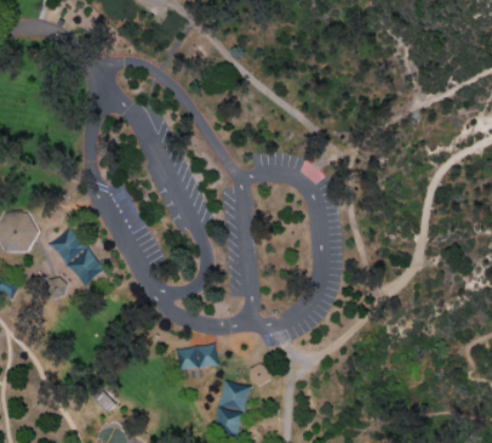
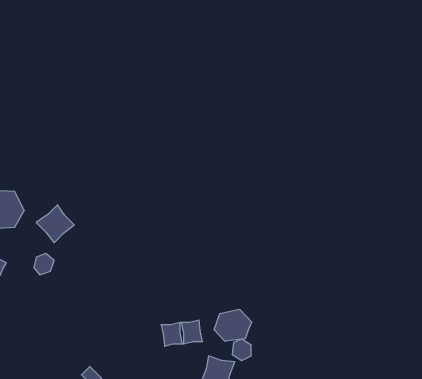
building: [68,248,107,286] -> none
building: none -> [214,309,252,341]

